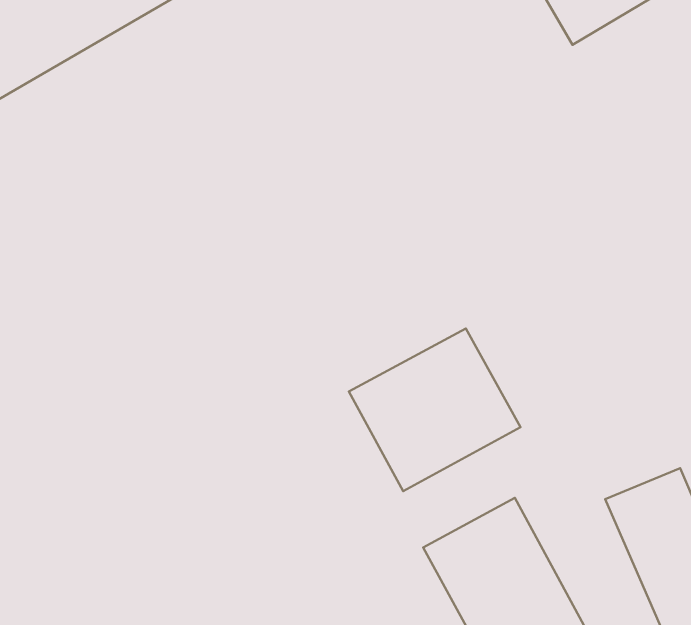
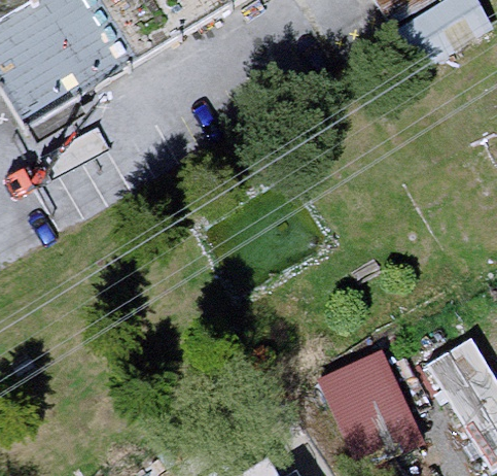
building: [349,329,520,491] -> none

